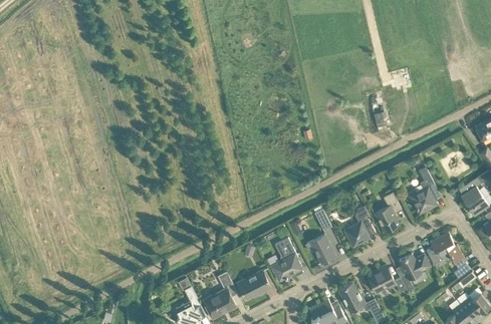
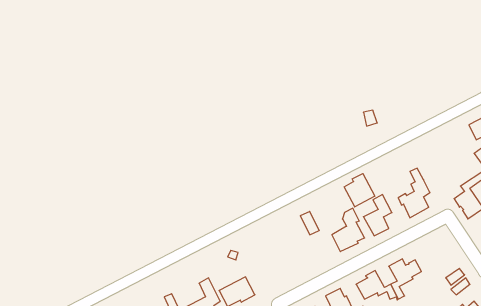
building: none -> [344,174,375,207]
building: [427,232,463,263] -> none
building: [310,234,335,263] -> none
building: [271,237,303,281] -> none

